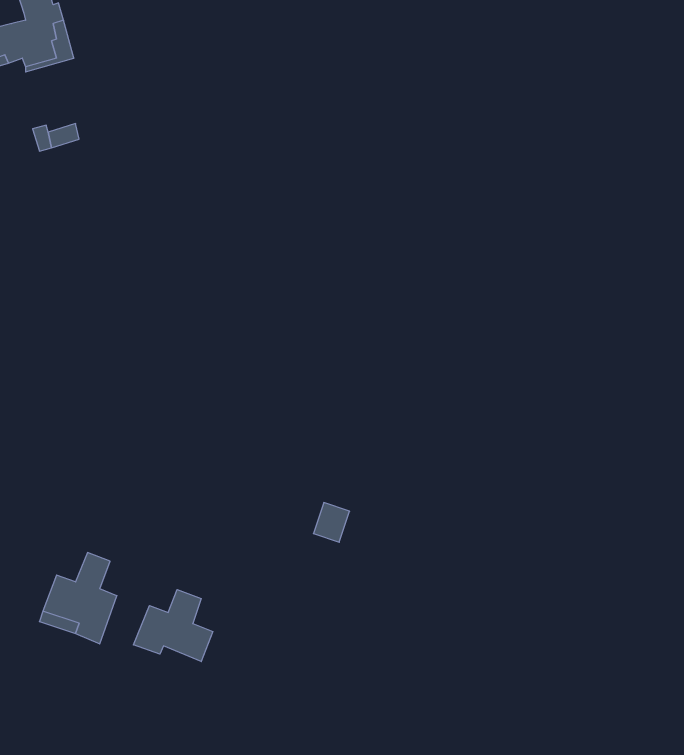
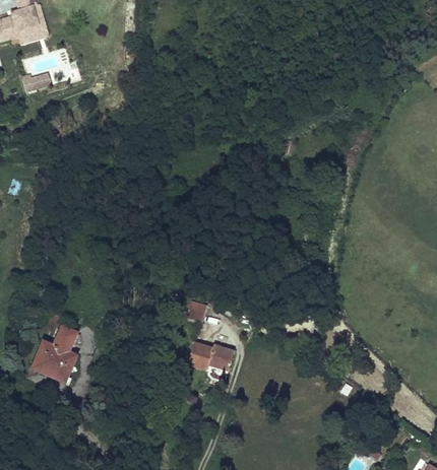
building: none -> [193,341,236,367]
building: [133,590,213,662] -> none

